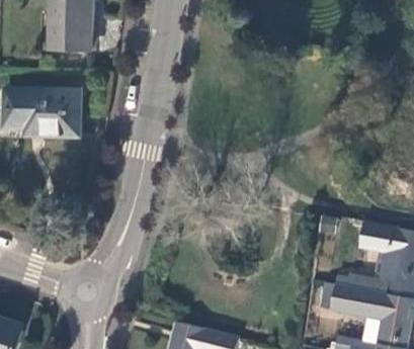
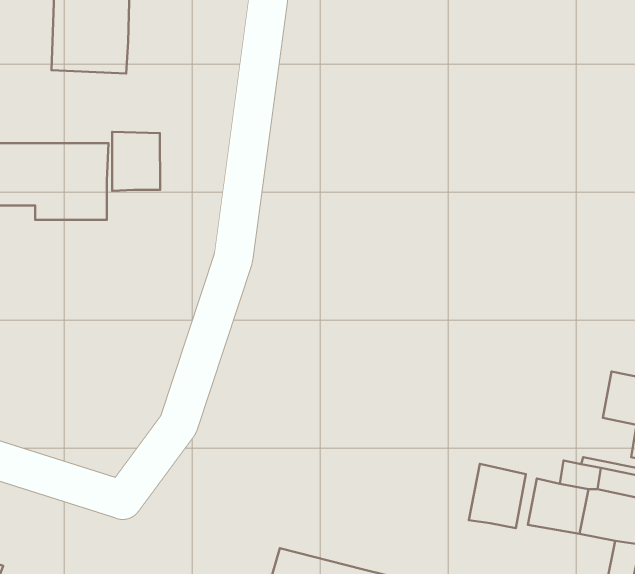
building: none -> [112,132,160,191]
building: none -> [469,464,526,528]

